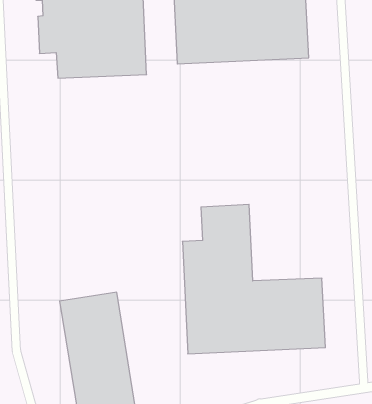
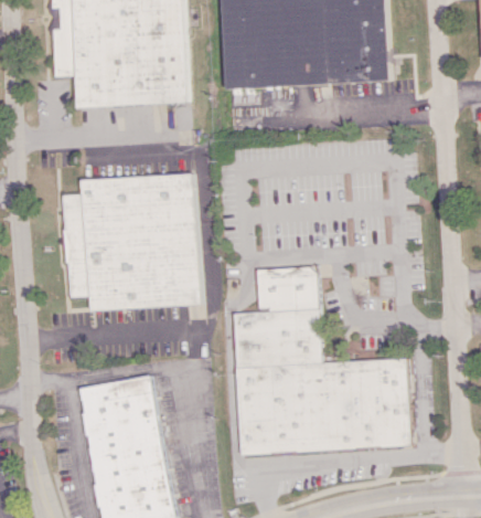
building: none -> [62,173,200,309]

